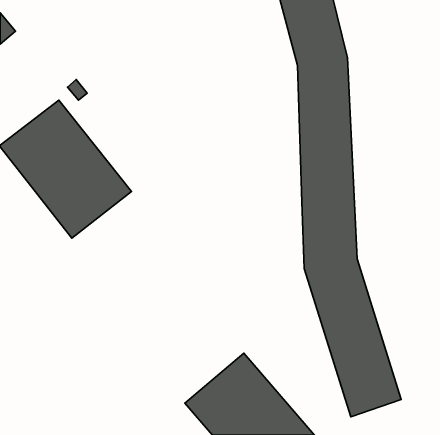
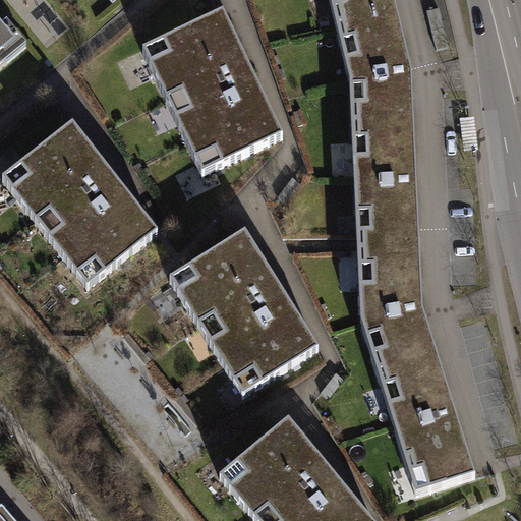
building: none -> [146,15,282,175]
building: none -> [171,229,315,388]

